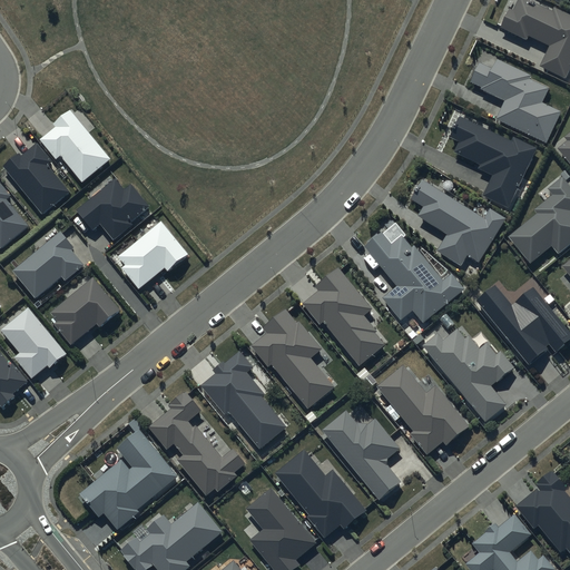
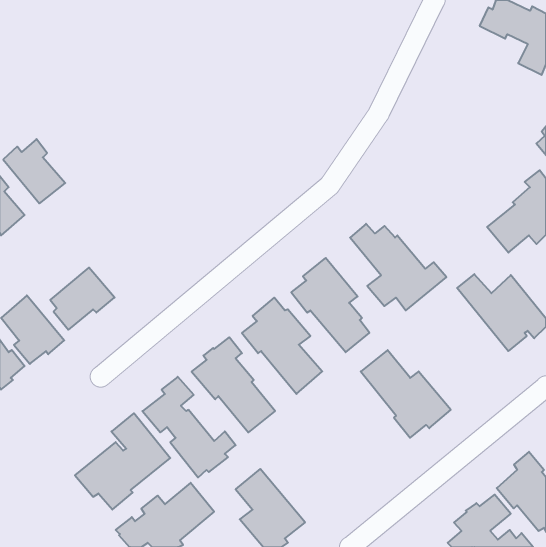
building: [470,59,561,144] -> none
building: [39,110,110,183] -> none
building: [449,117,535,208] -> none
building: [78,178,147,238] -> none
building: [410,179,505,267] -> none
building: [118,222,188,289] -> none
building: [12,232,85,298] -> none
building: [422,330,513,422] -> none
building: [321,410,400,500] -> none
building: [275,450,365,538] -> none

